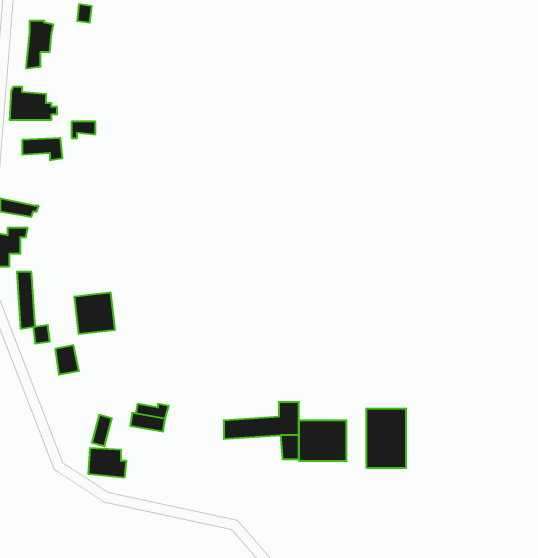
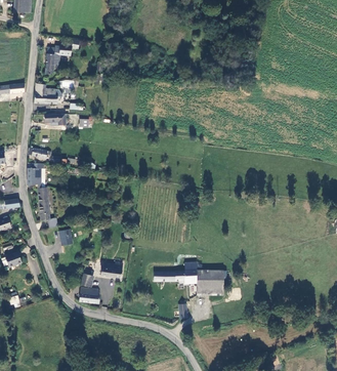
building: [75,292,115,334] -> none
building: [367,408,406,468] -> none

